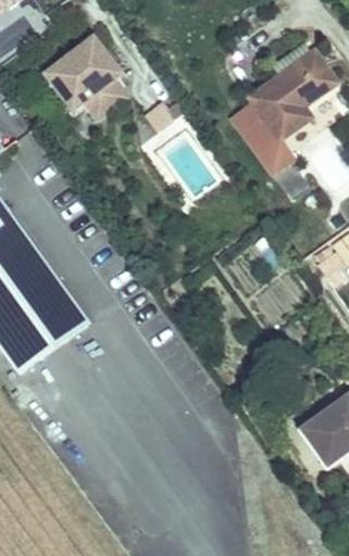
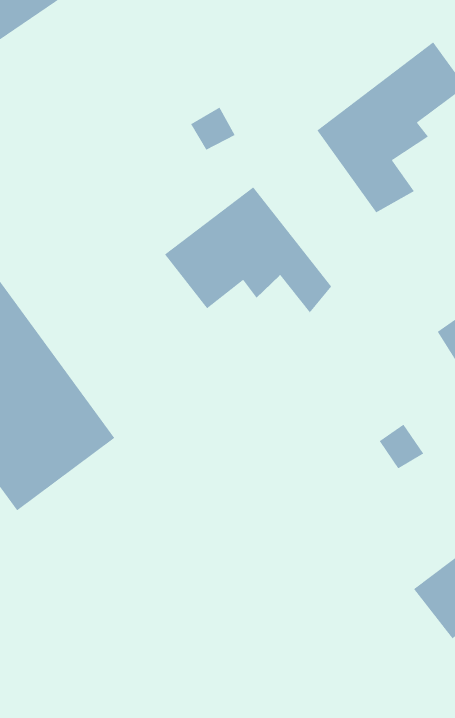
building: [41,31,132,114] -> none
building: none -> [164,186,332,313]

